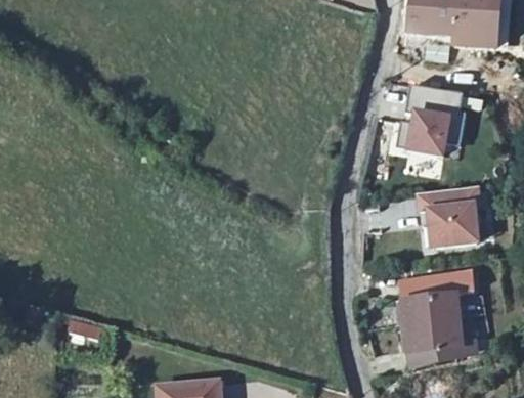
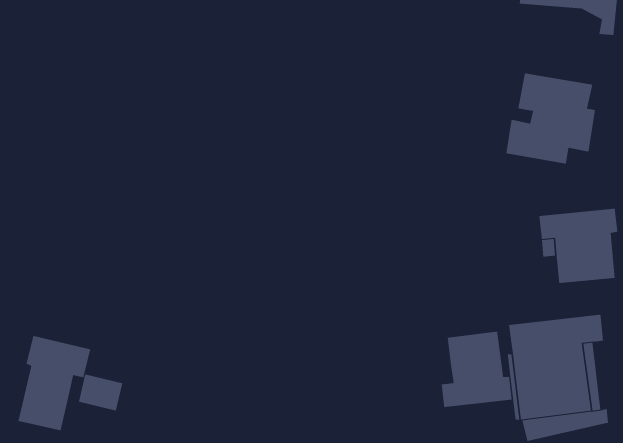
building: none -> [441,331,512,408]
building: none -> [18,335,91,431]

